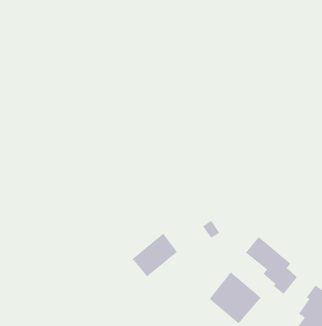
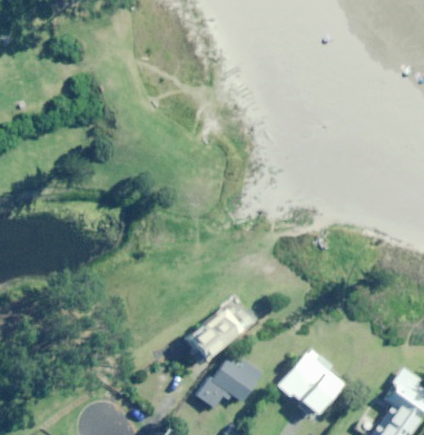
building: [245,236,298,295] -> none
building: none -> [198,359,263,407]

